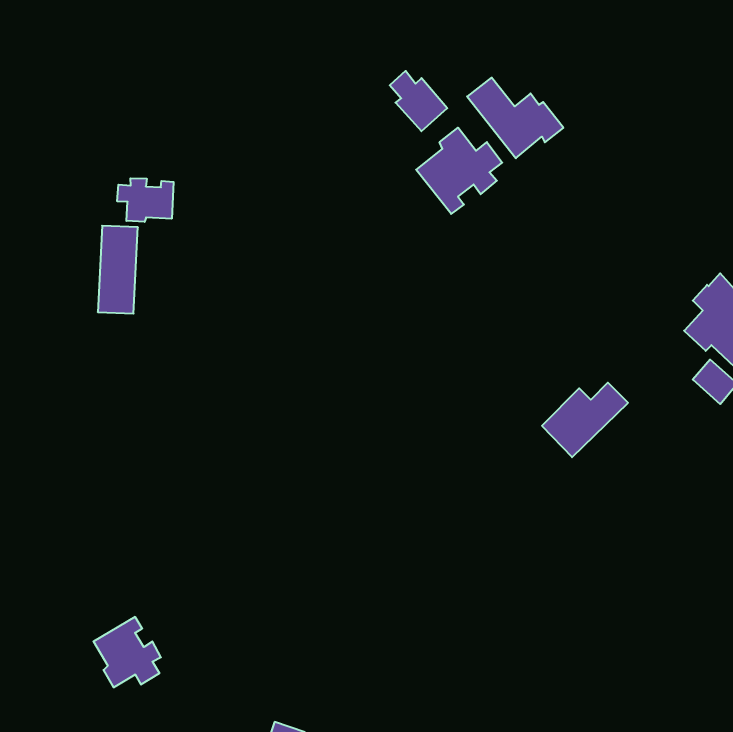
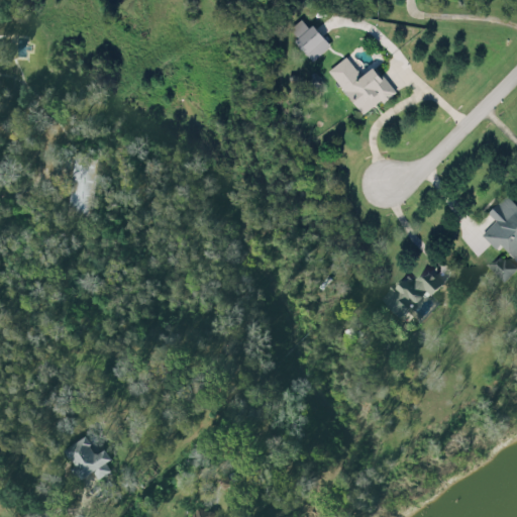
building: [390,71,447,131] -> [290,18,330,61]
building: [416,128,502,214] -> none
building: [117,178,174,222] -> none

